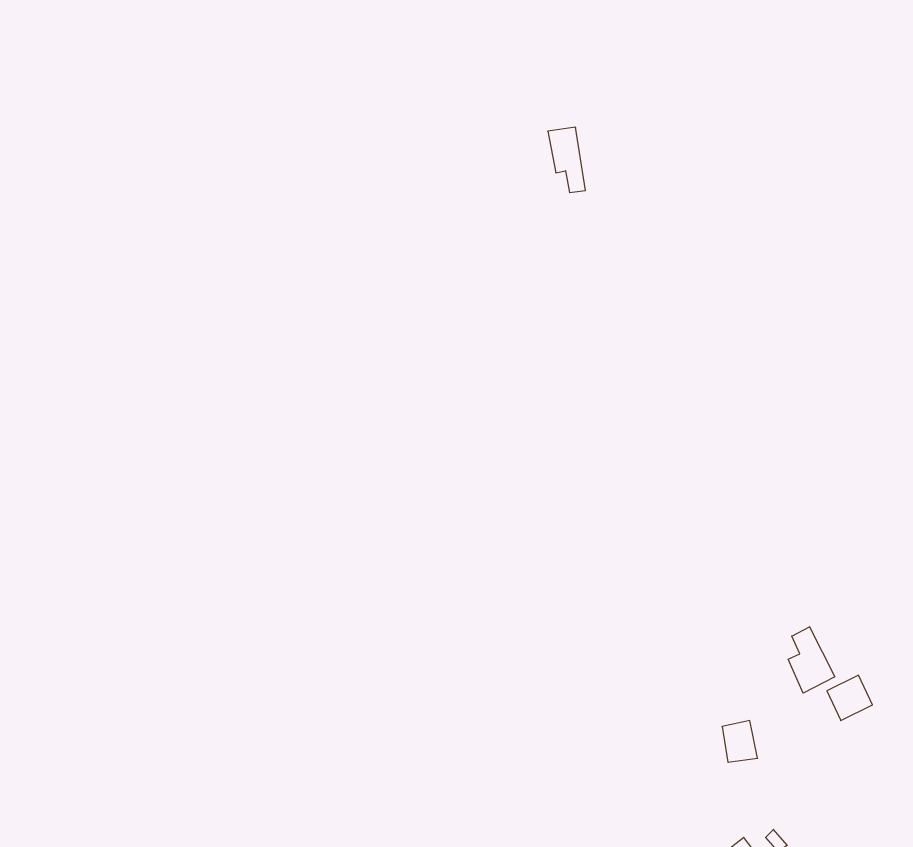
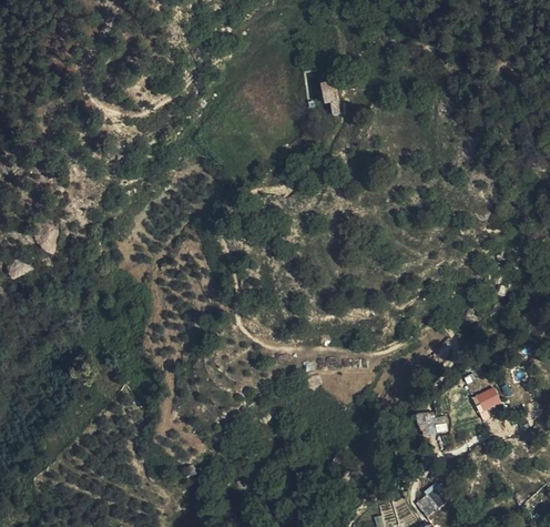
building: [788,627,835,693] -> none

